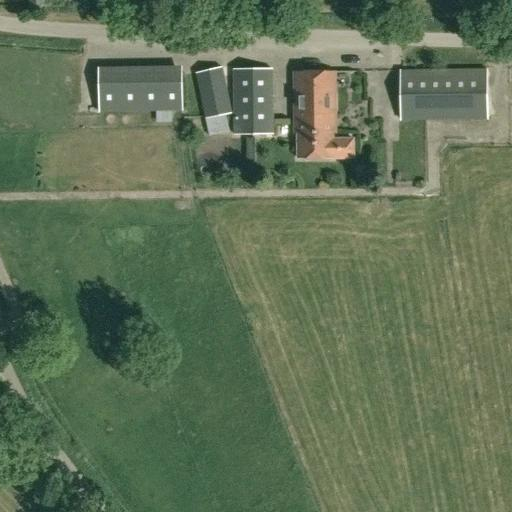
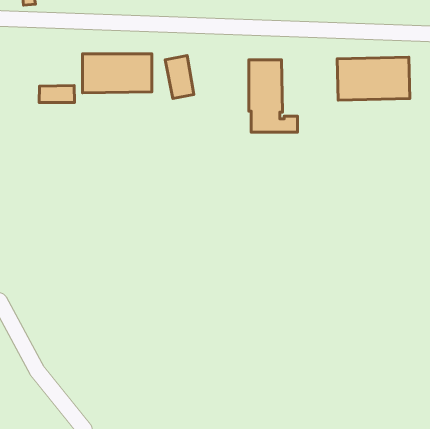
building: [233,68,272,133] -> none
building: none -> [39,86,74,102]

